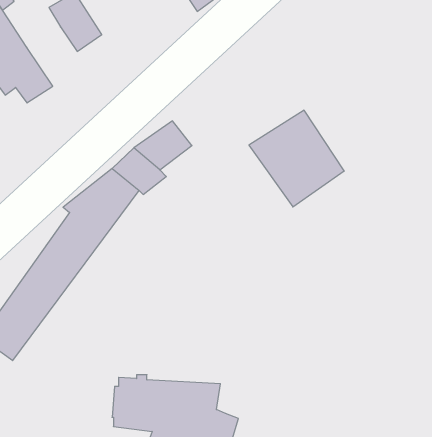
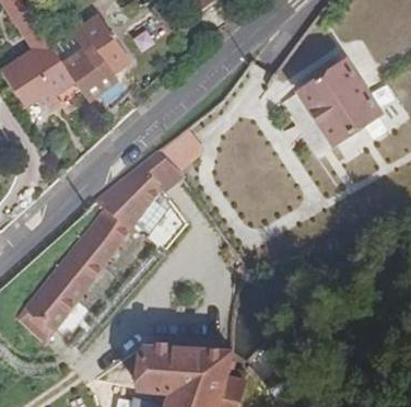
building: none -> [64,48,115,98]
building: [249,110,344,207] -> [298,61,379,143]

